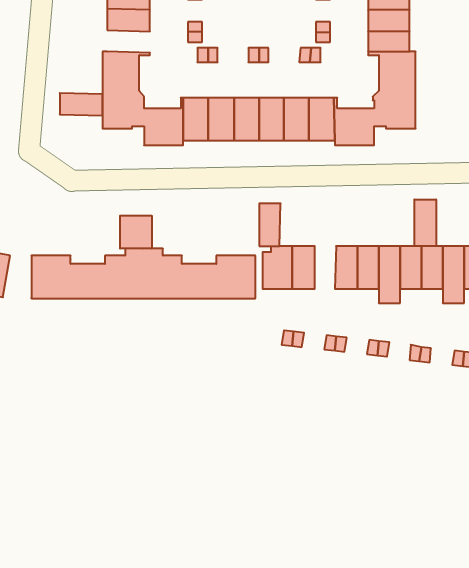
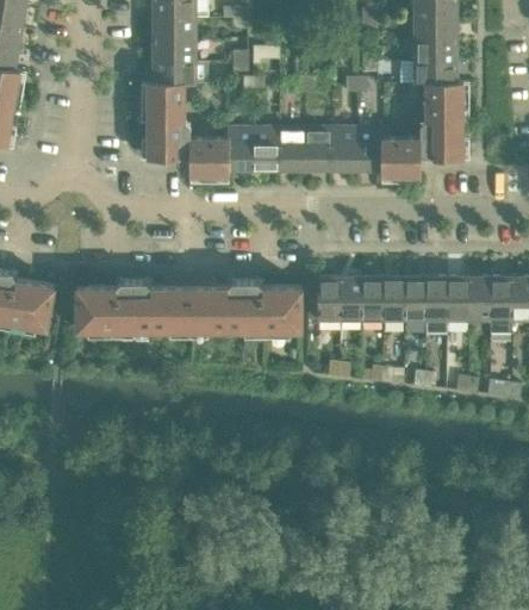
building: [60,93,103,116] -> [151,61,194,83]
building: [414,199,436,246] -> none
building: [259,203,281,246] -> [360,278,381,320]
building: [120,216,152,249] -> none

